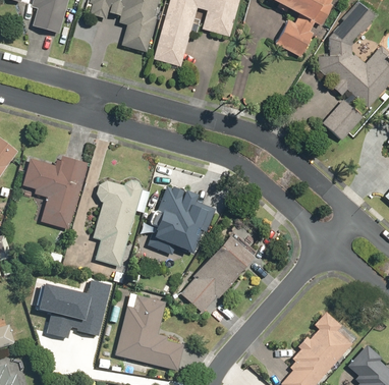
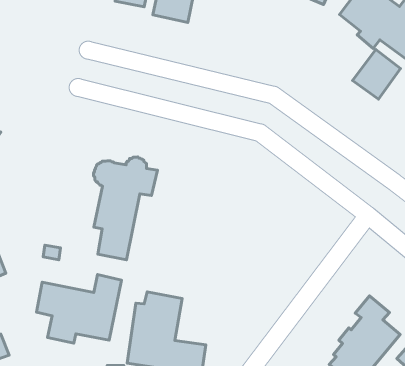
building: [22,157,88,229] -> none
building: [149,185,217,256] -> none
building: [179,232,257,315] -> none

